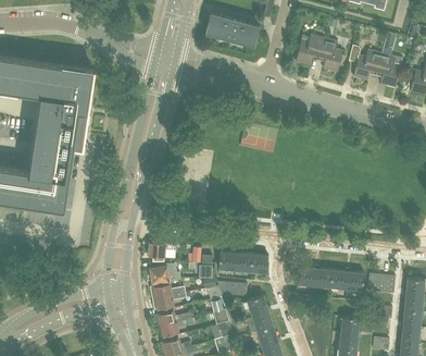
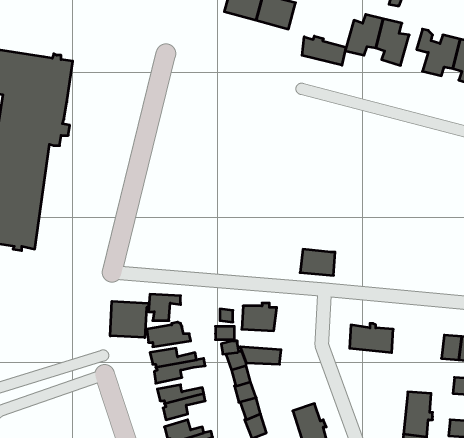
building: none -> [302,36,346,65]
building: none -> [110,301,149,338]
building: [242,253,268,272] -> [300,249,335,275]
building: [330,268,364,290] -> none
building: [247,294,273,330] -> none

